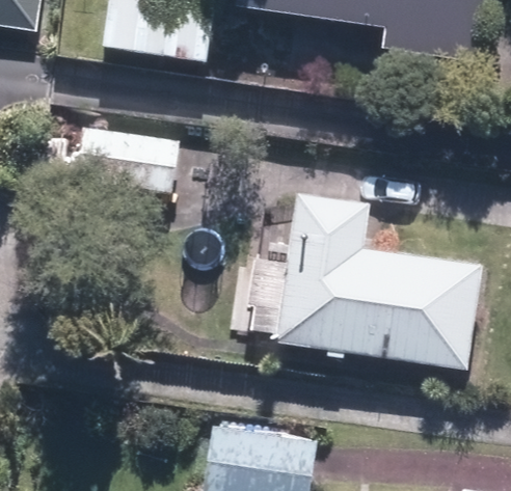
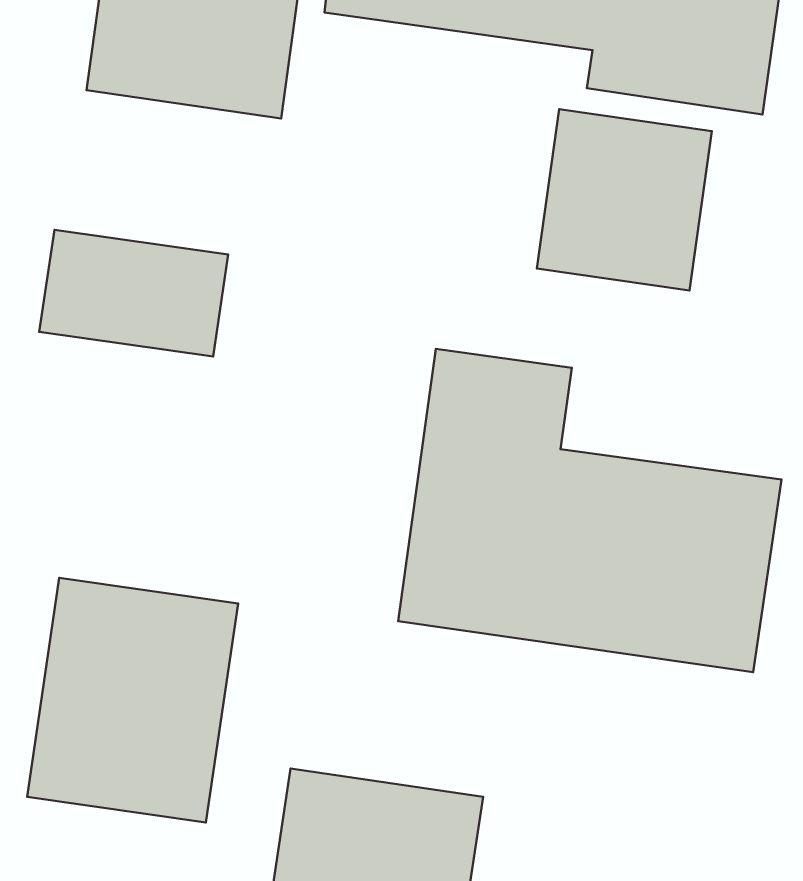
building: none -> [537,109,712,290]
building: none -> [27,578,238,822]

